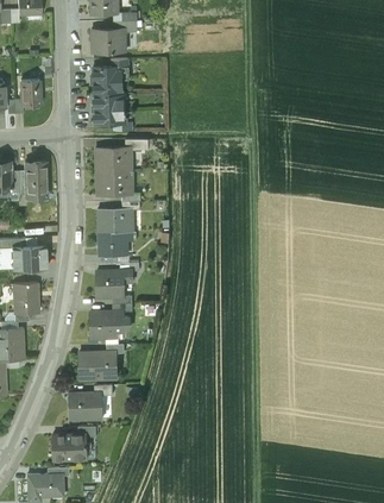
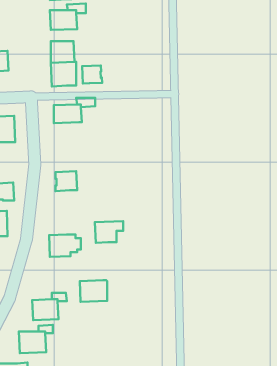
building: none -> [82,65,102,84]
building: [96,170,128,195] -> none
building: [97,208,132,233] -> none
building: [96,270,132,297] -> [95,221,123,243]
building: [80,352,114,379] -> [80,280,107,302]

